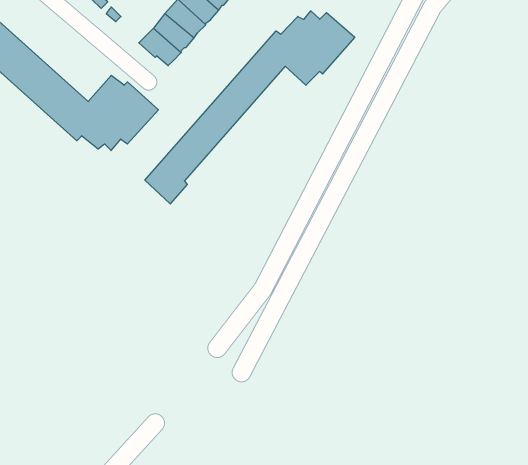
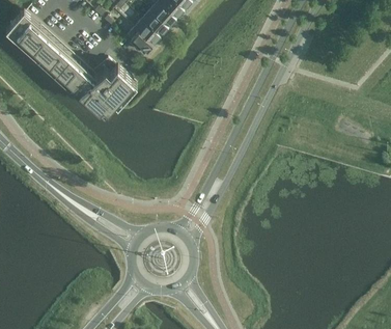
building: [145,11,355,204] -> none

